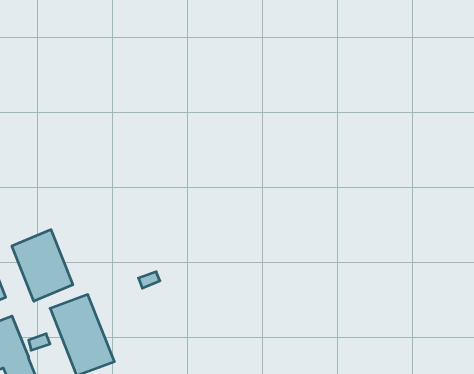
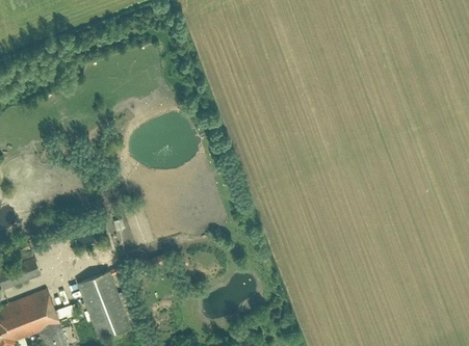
building: [12,230,73,301] -> none

